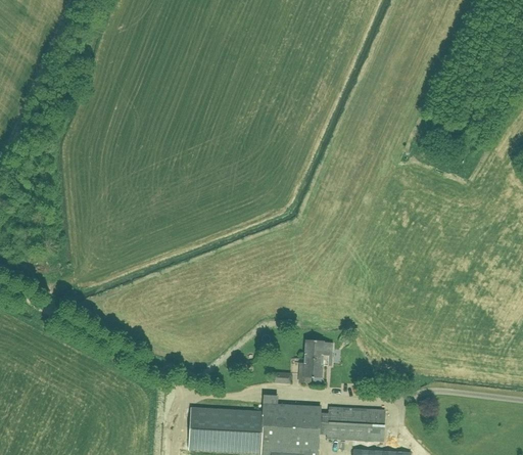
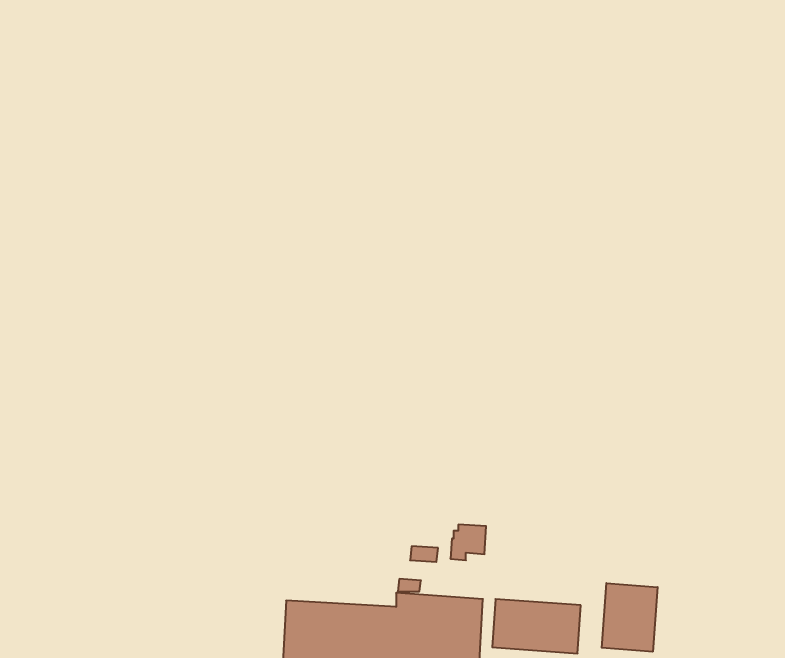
building: [303,339,332,360] -> none
building: none -> [602,583,658,652]

